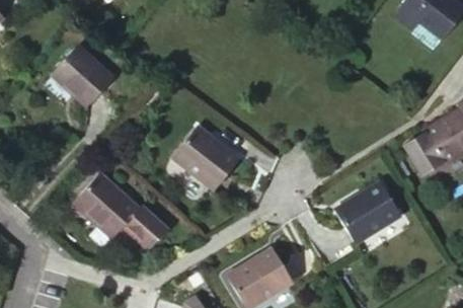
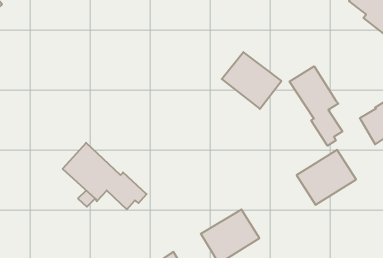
building: [55,47,113,106] -> none
building: none -> [290,66,342,146]
building: [173,127,240,190] -> [222,52,281,109]

